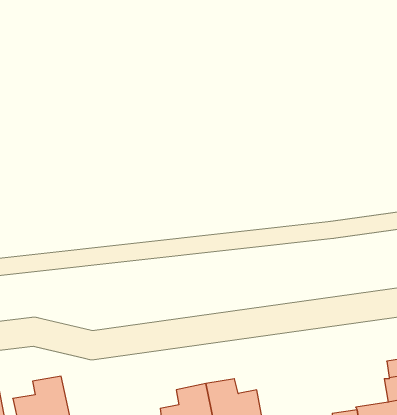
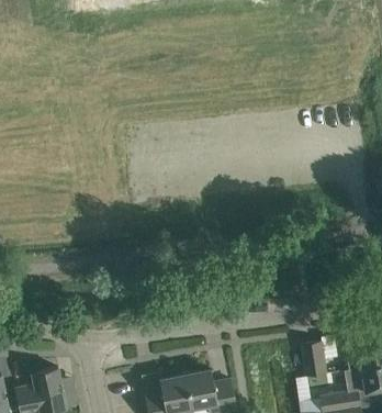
building: none -> [301,342,326,378]

